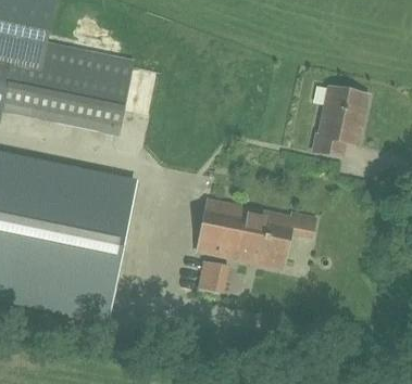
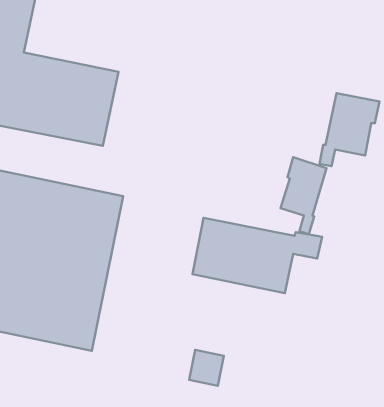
building: none -> [281,157,327,234]
building: [197,259,228,292] -> [189,350,224,386]

